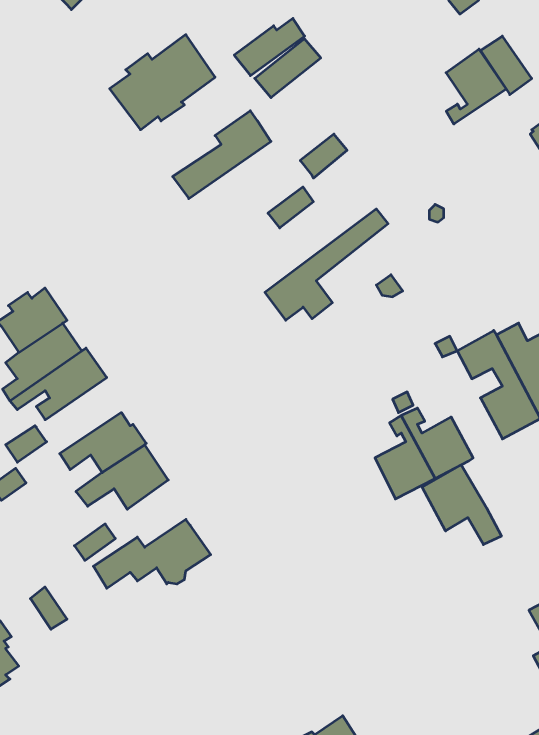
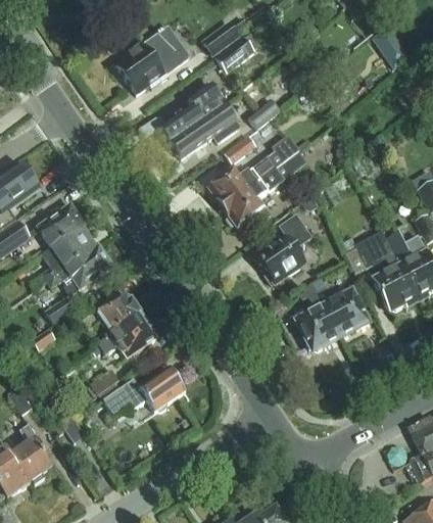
building: [446,49,506,124] -> none
building: none -> [170,101,242,157]
building: none -> [208,133,300,206]
building: none -> [256,212,311,284]
building: [422,465,501,545] -> none

